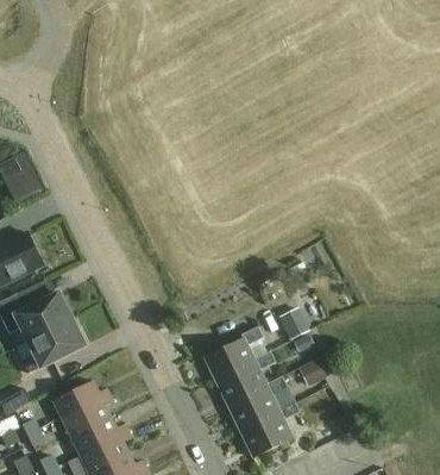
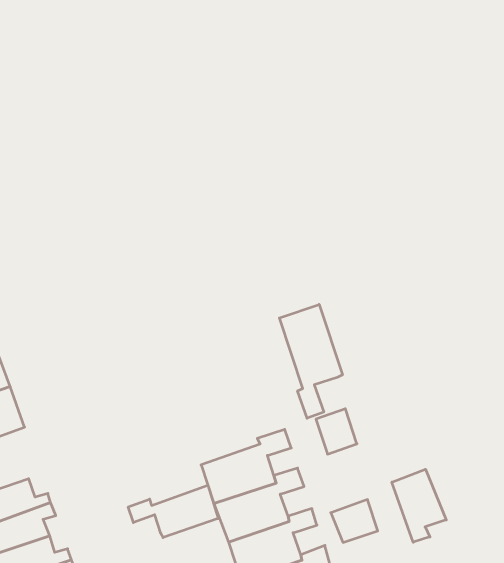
building: none -> [279,304,342,418]
building: none -> [392,469,446,542]
building: none -> [128,485,218,538]

